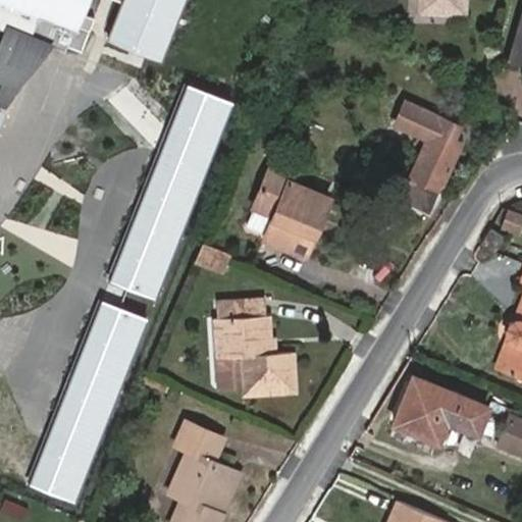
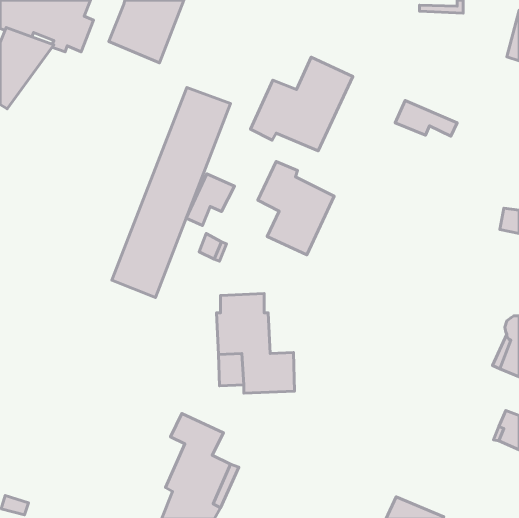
building: none -> [250,57,353,151]
building: [399,127,464,214] -> none
building: none -> [186,174,235,225]
building: [30,304,146,504] -> none
building: [394,374,486,439] -> none

